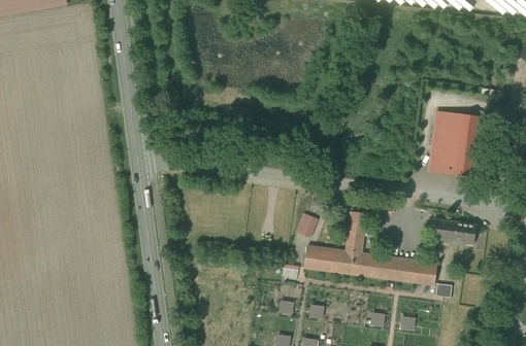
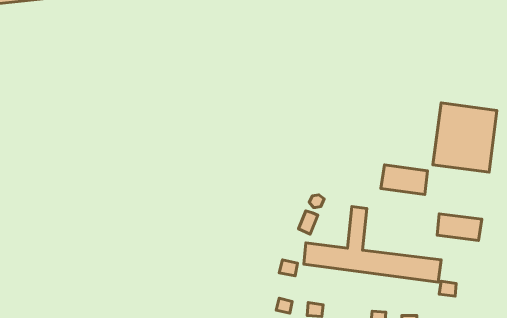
building: none -> [381,165,428,195]

